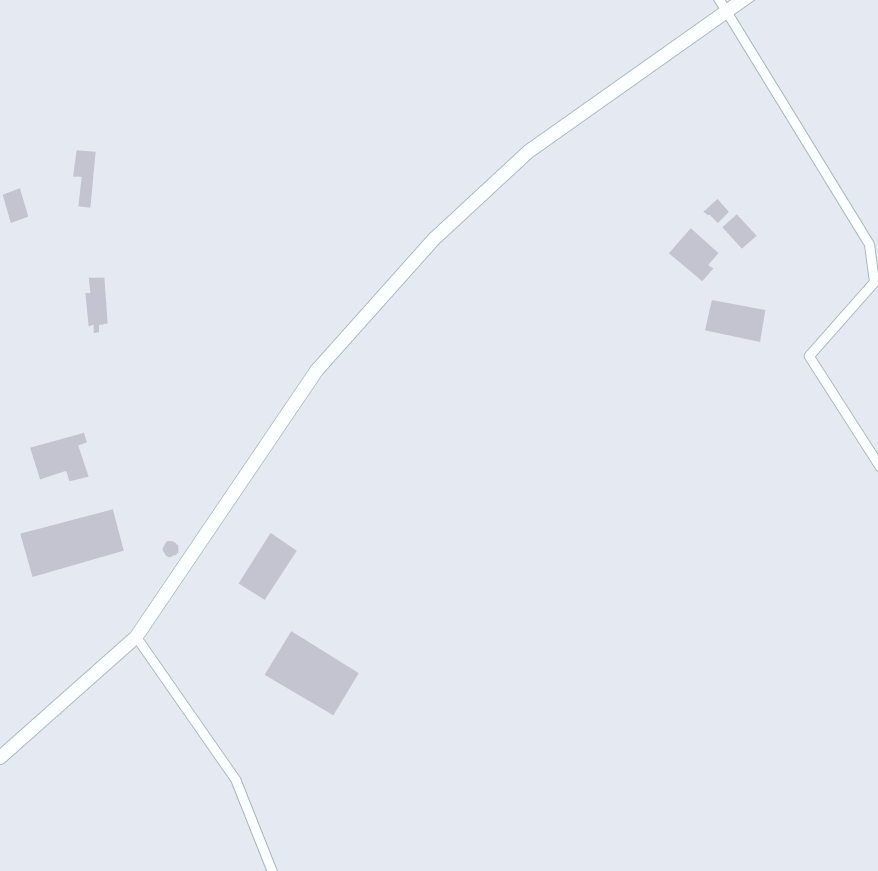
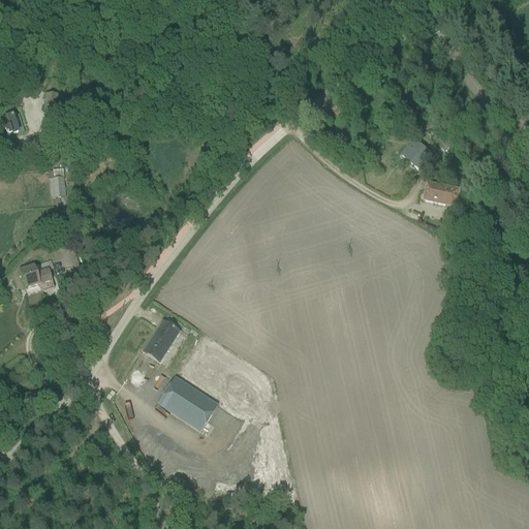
building: [20,508,124,578] -> none

